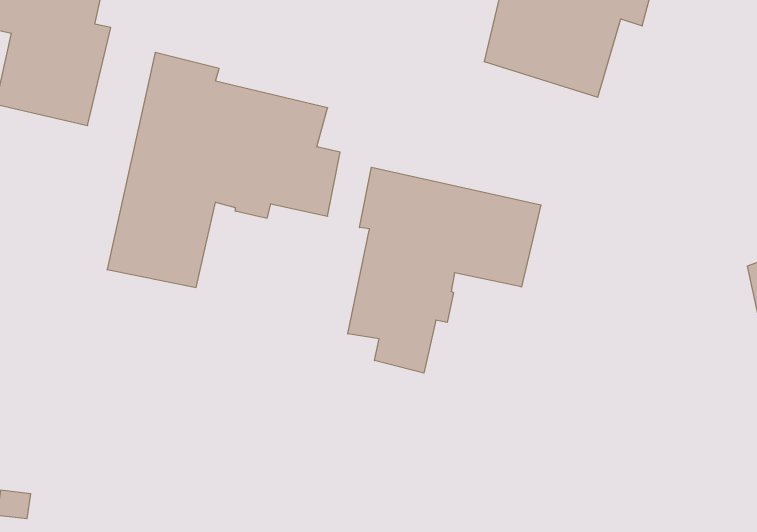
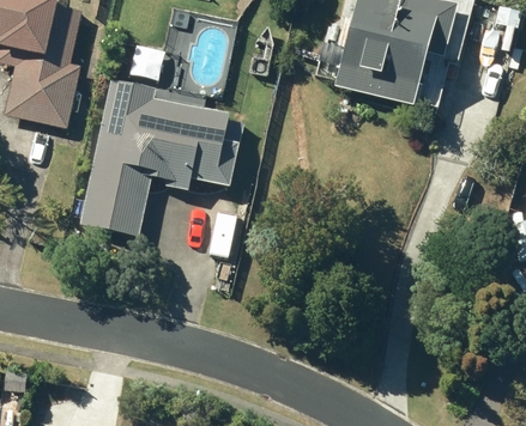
building: [348,167,541,373] -> none

